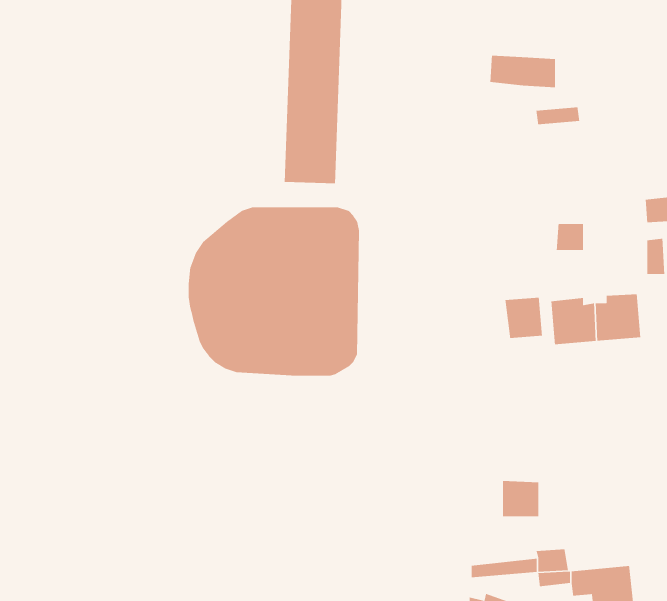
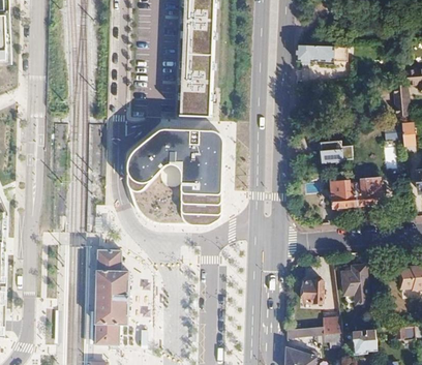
building: [504,297,543,339] -> none
building: none -> [94,249,128,344]
building: none -> [339,267,368,305]

